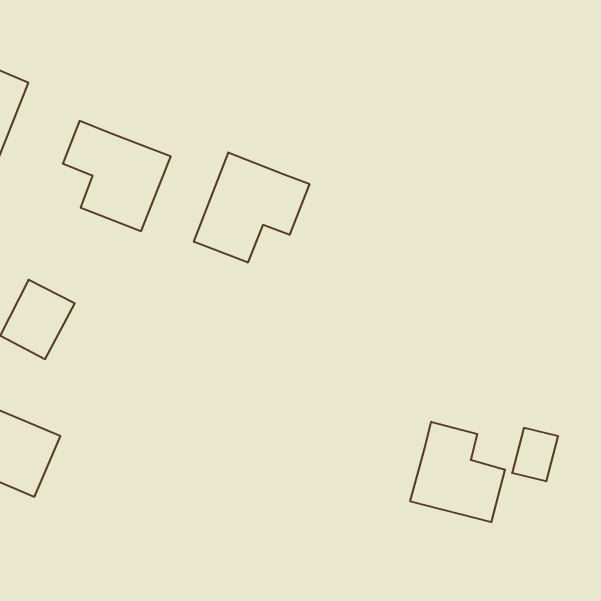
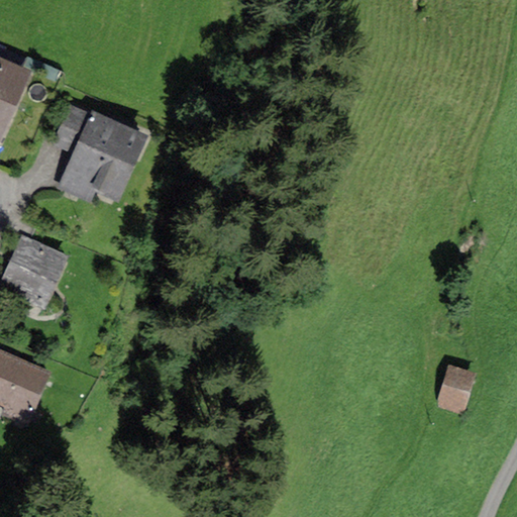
building: [194,152,309,263] -> none
building: [410,422,505,522] -> none

